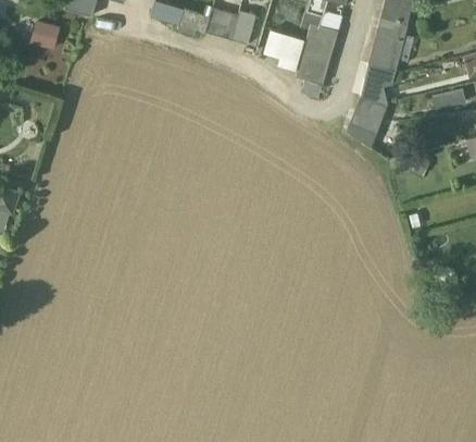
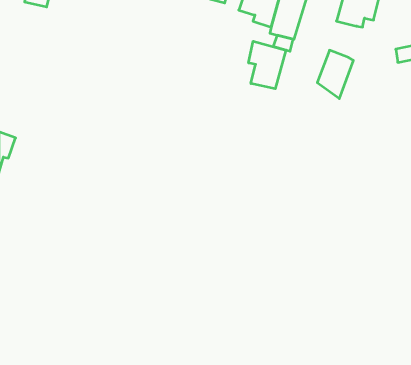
building: [360,65,389,105] -> none
building: none -> [249,41,286,89]

